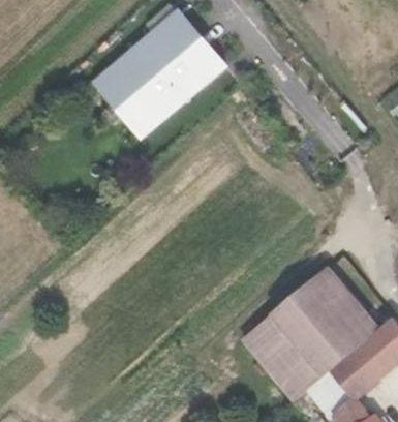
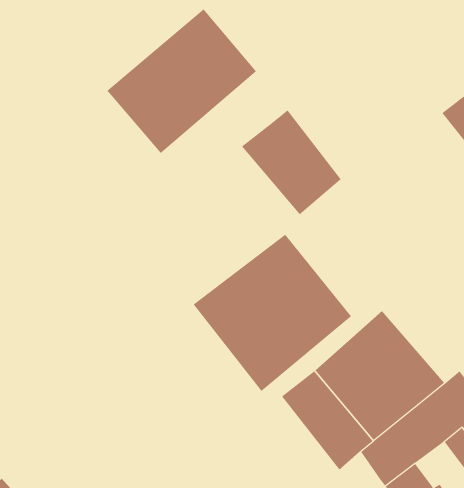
building: none -> [241,109,341,215]
building: none -> [193,234,352,392]

